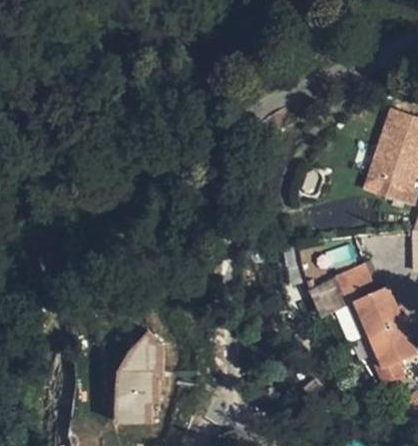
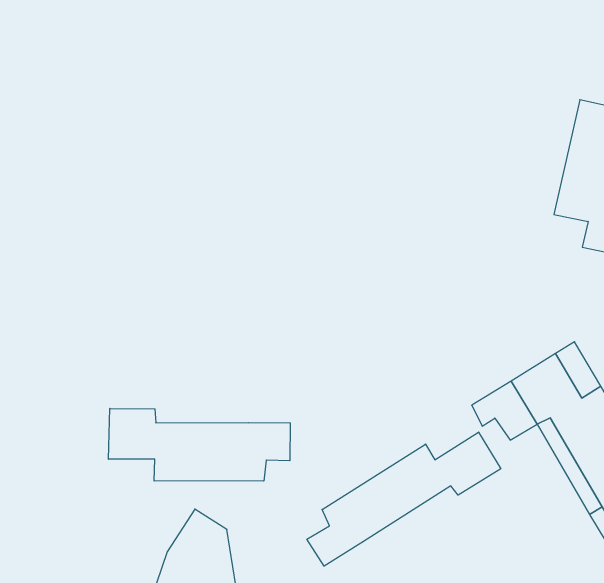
building: none -> [108,408,290,481]
building: none -> [307,432,501,566]

